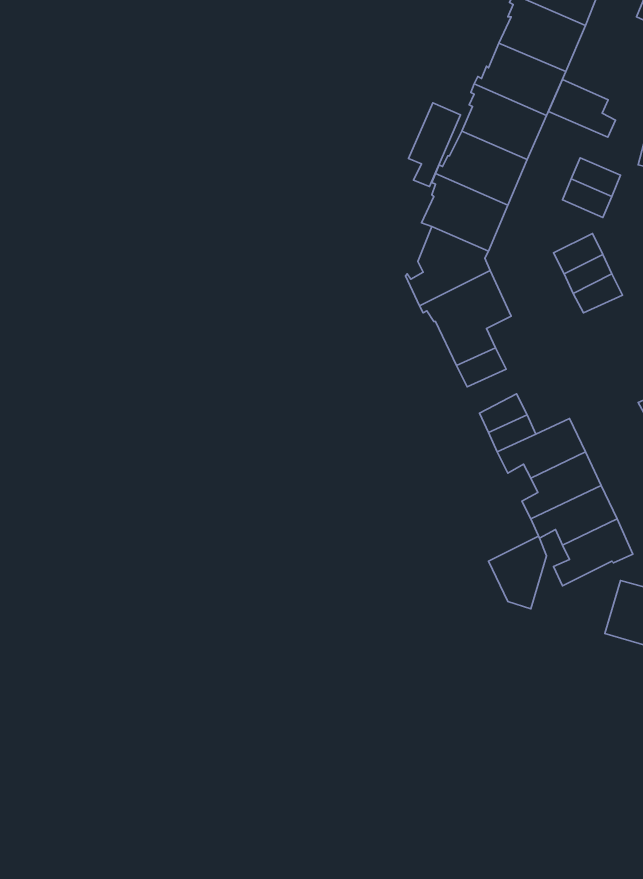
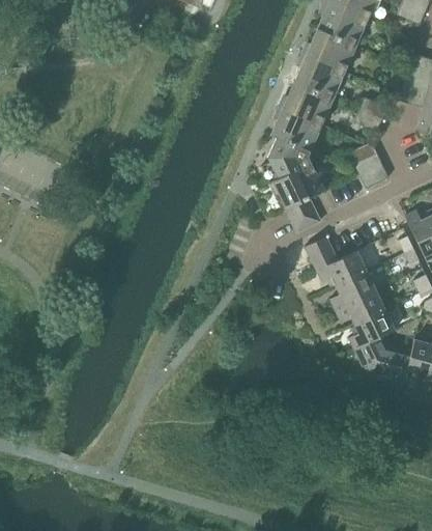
building: [549,80,615,137] -> none
building: [408,103,461,187] -> none
building: [488,536,547,609] -> [354,333,388,375]

